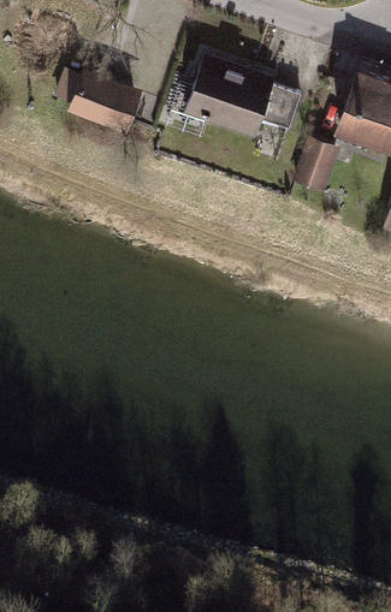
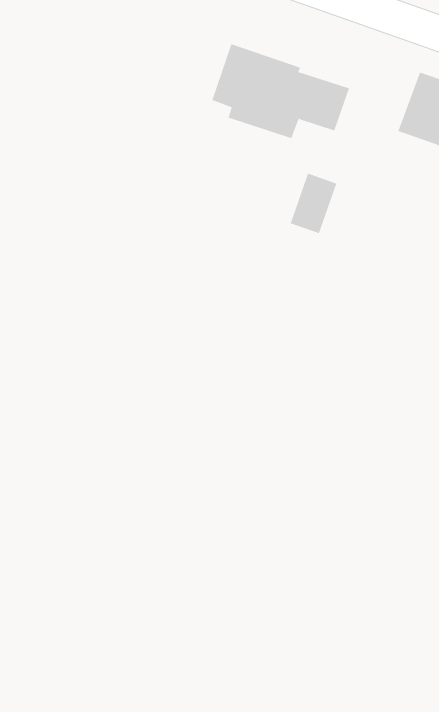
building: [59,70,136,121] -> none
building: [297,138,336,188] -> [290,173,337,234]

